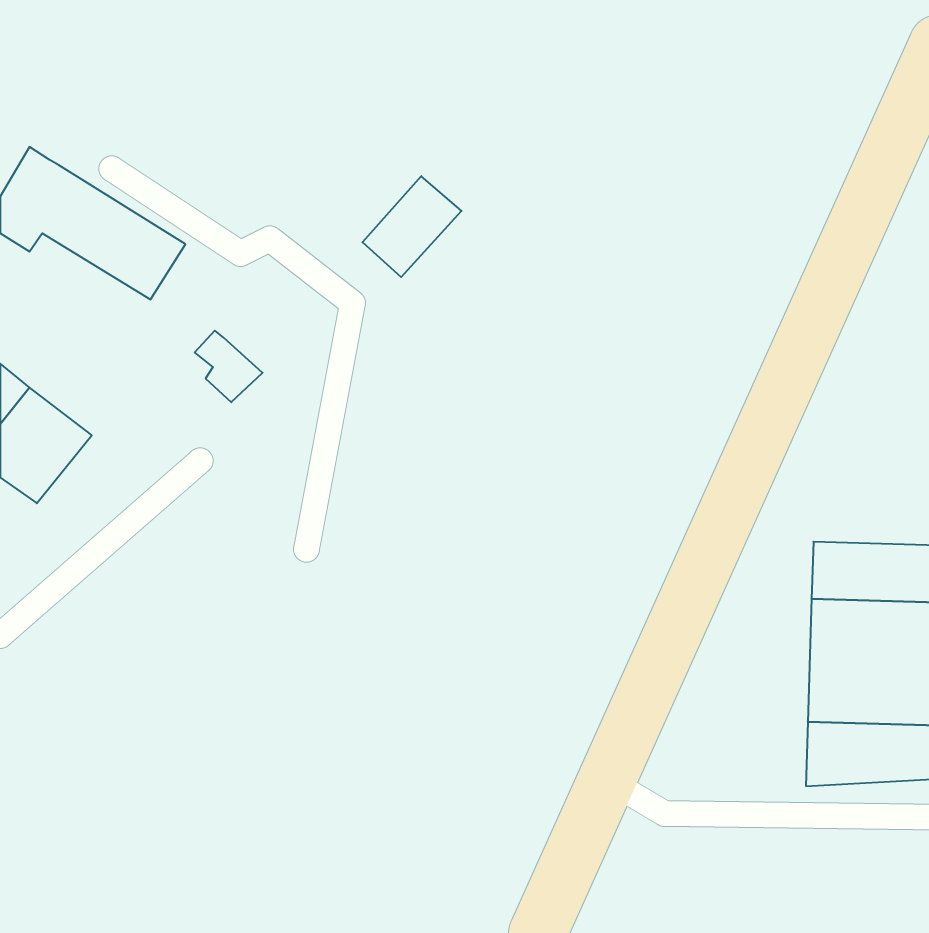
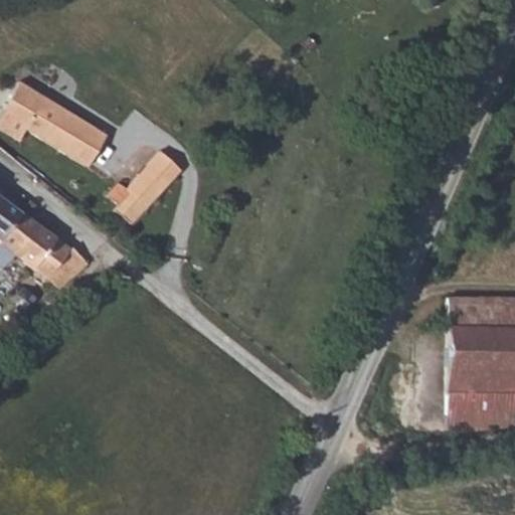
building: [362,176,462,277] -> [128,149,182,204]
building: none -> [25,238,90,288]

